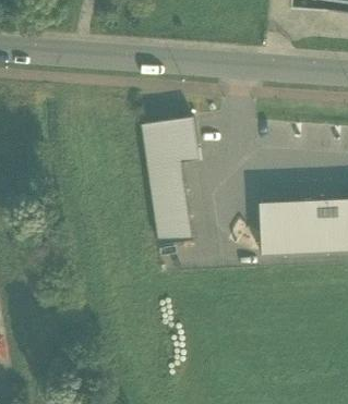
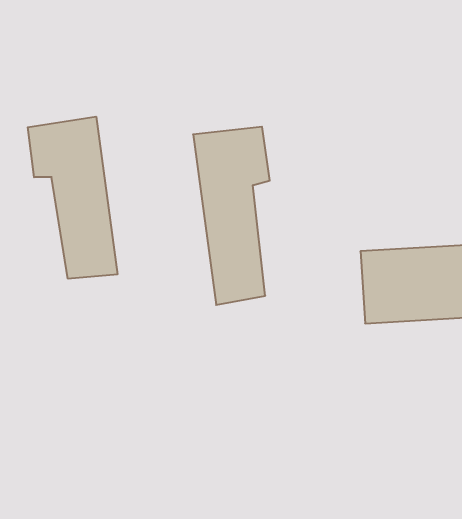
building: none -> [28,117,117,279]

